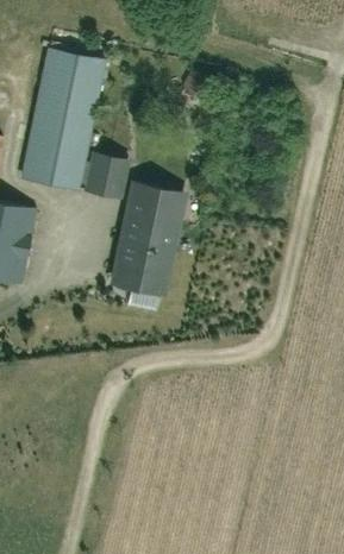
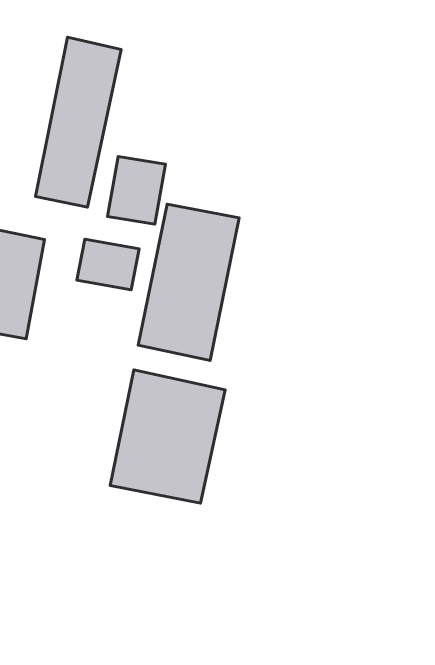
building: none -> [77,239,139,290]
building: none -> [110,370,225,503]

